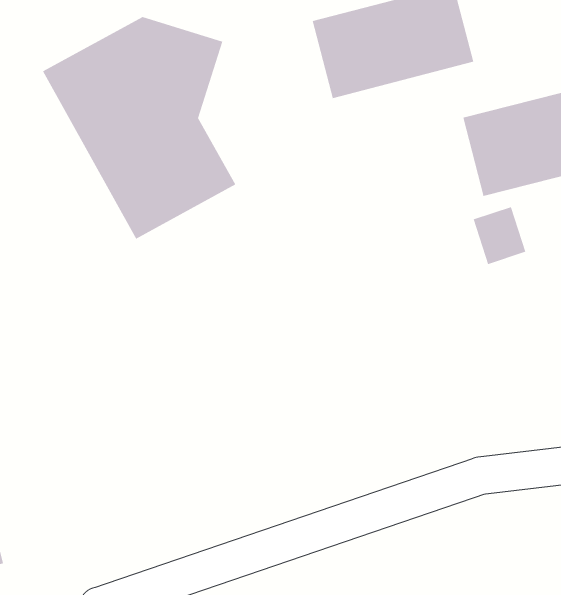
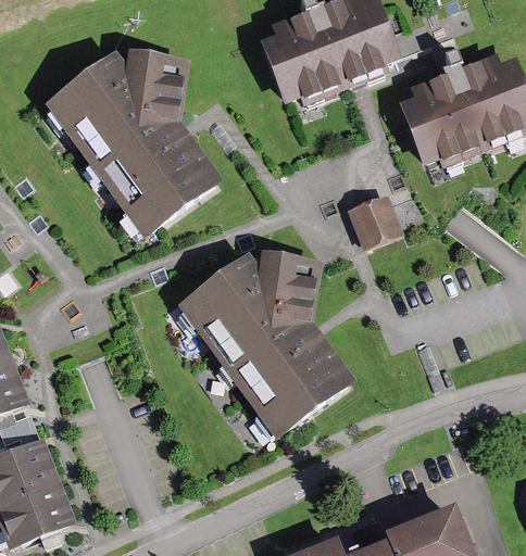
building: [473,206,526,265] -> [354,197,401,247]
building: none -> [180,249,348,430]

